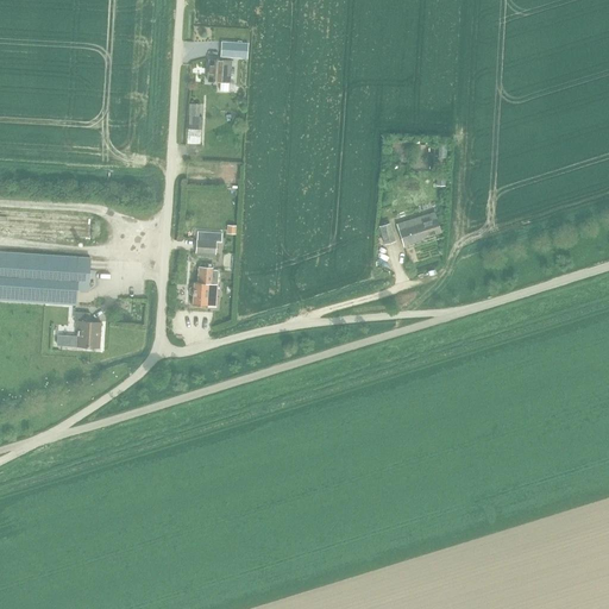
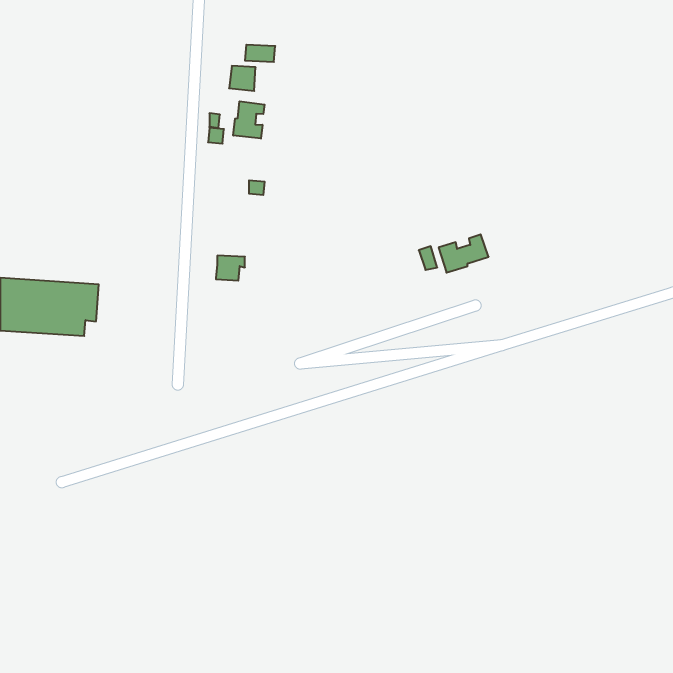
building: none -> [233,101,265,139]
building: [189,266,218,306] -> none
building: [57,310,101,347] -> none

